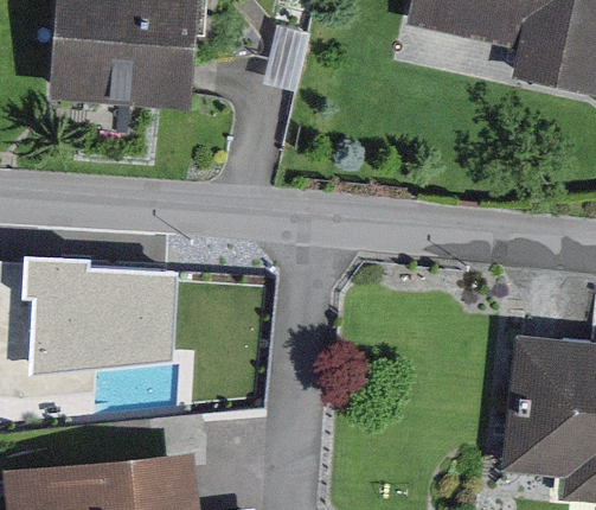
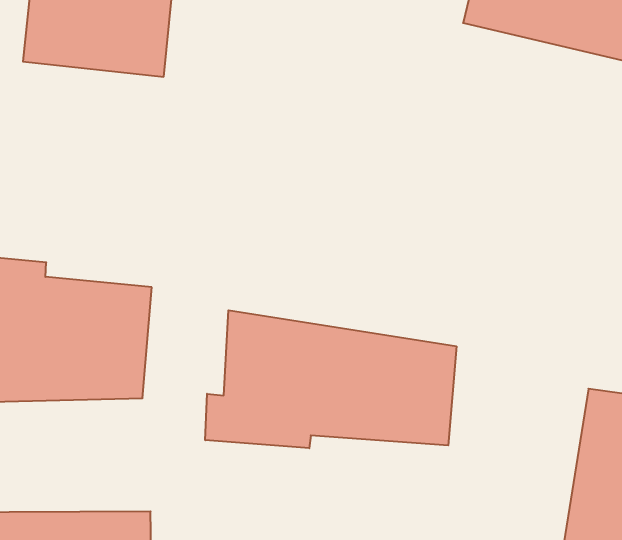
building: none -> [205,310,456,448]

